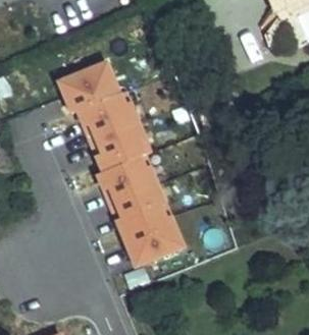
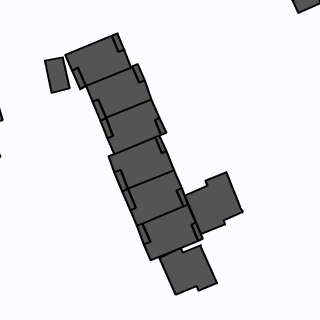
building: none -> [185,172,243,234]
building: none -> [159,245,217,295]

